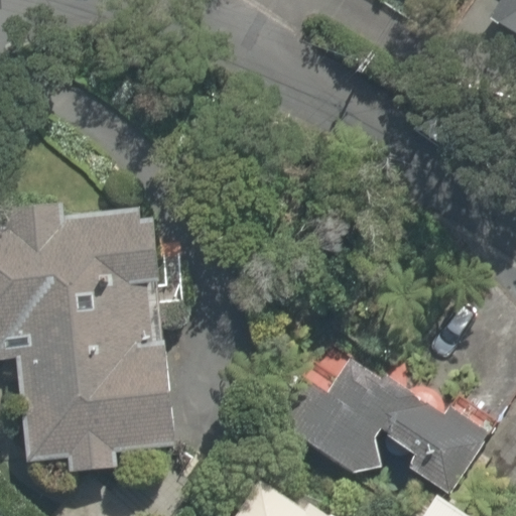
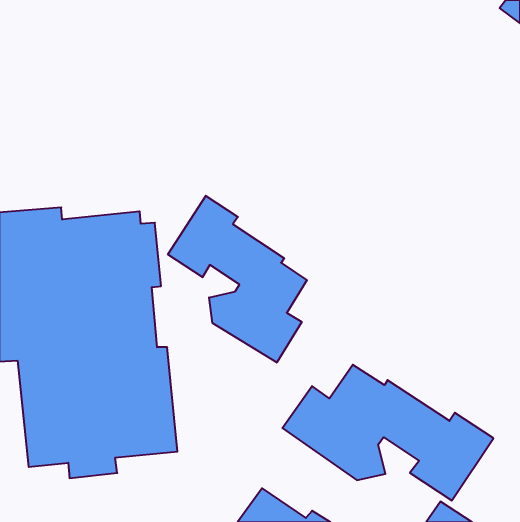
building: none -> [168,196,307,363]

